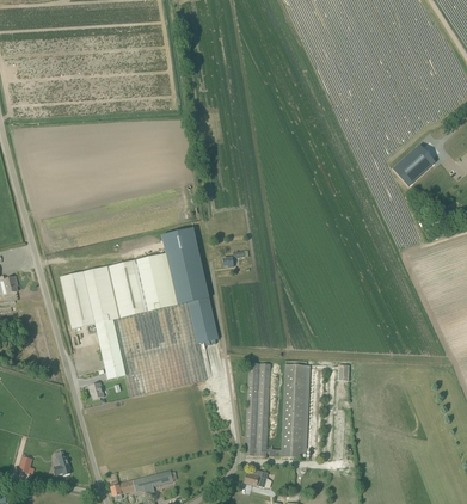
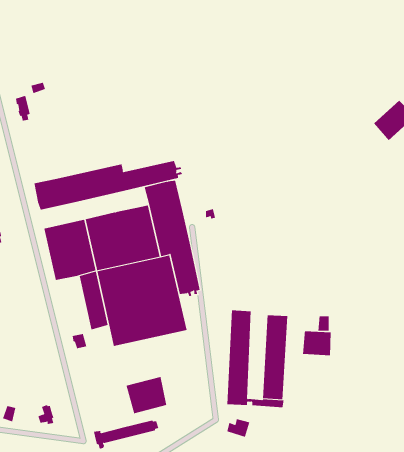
building: none -> [34,160,183,210]
building: none -> [302,331,331,356]
building: none -> [126,376,167,414]

